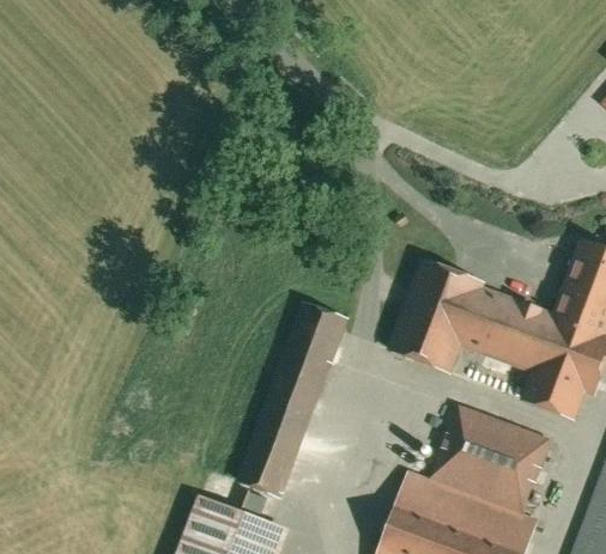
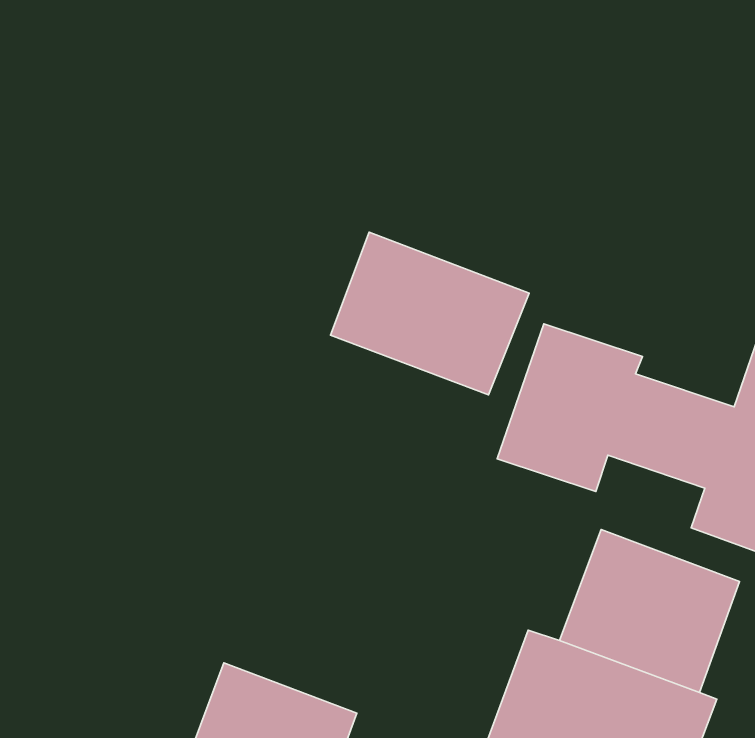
building: none -> [330,232,529,395]
building: [238,309,341,494] -> none

